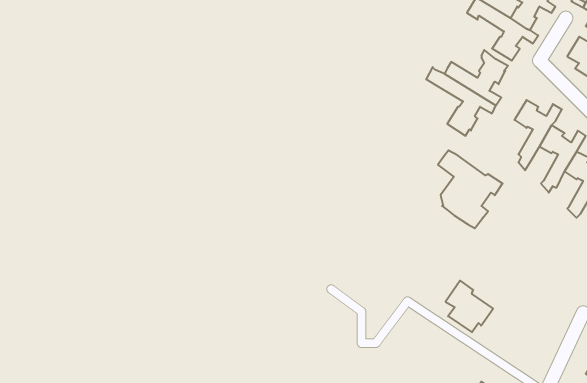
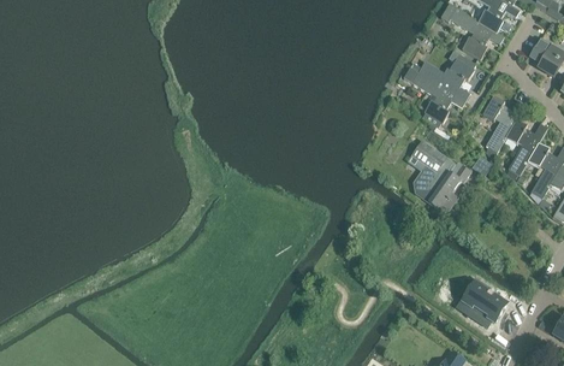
building: [446,281,493,332] -> [463,279,506,326]

